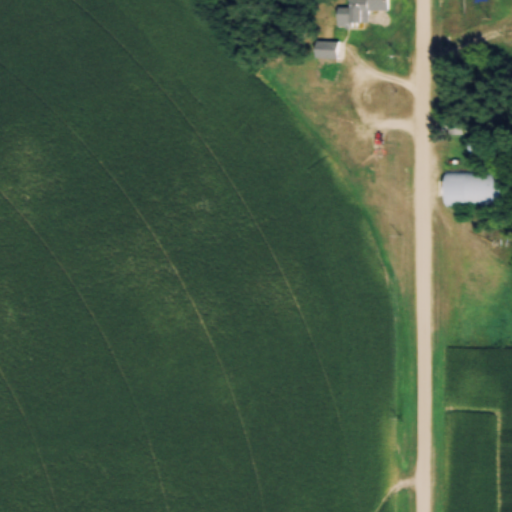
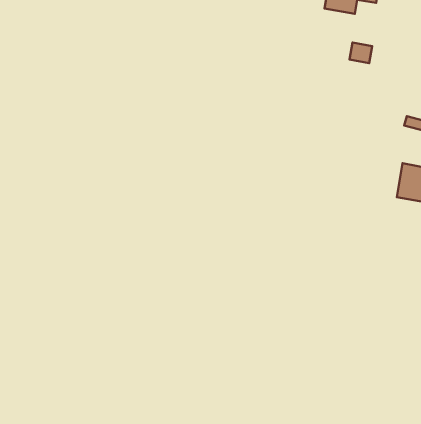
building: [314,41,335,59] -> [349,43,372,63]

